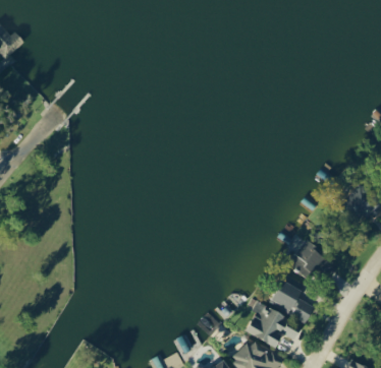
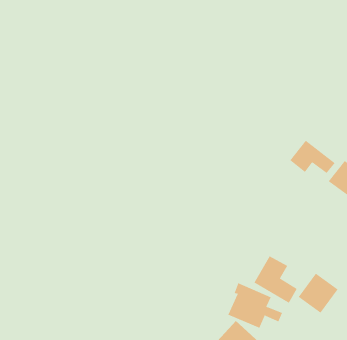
building: none -> [290,140,335,174]
building: [289,241,329,281] -> [298,273,338,314]

